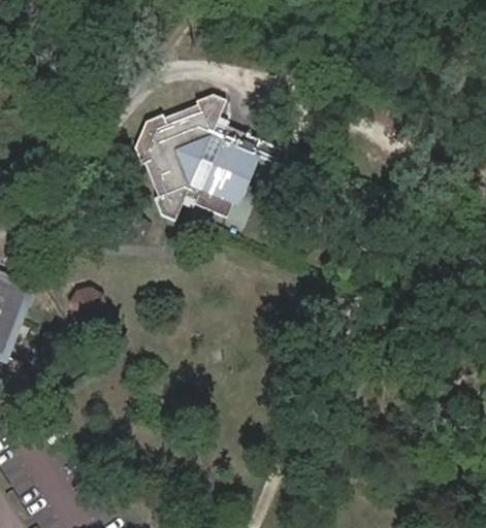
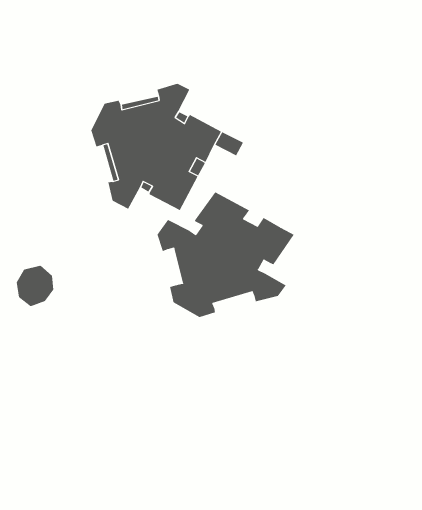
building: none -> [157,192,295,318]

